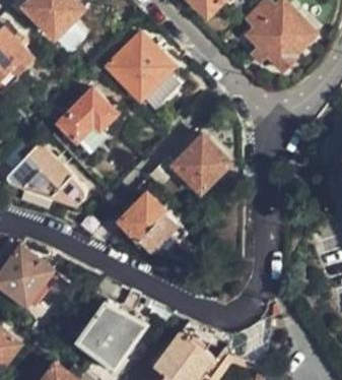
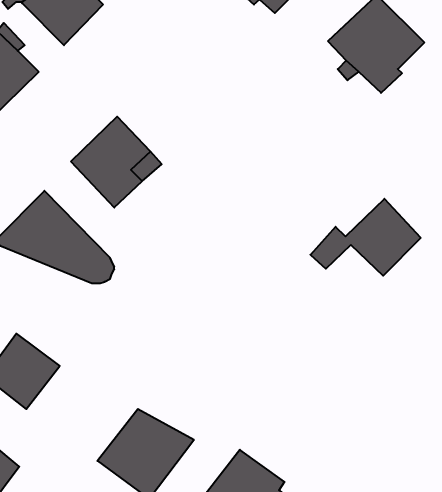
building: [108,35,180,110] -> none
building: [147,136,227,192] -> [310,199,421,276]
building: [88,193,187,252] -> none

